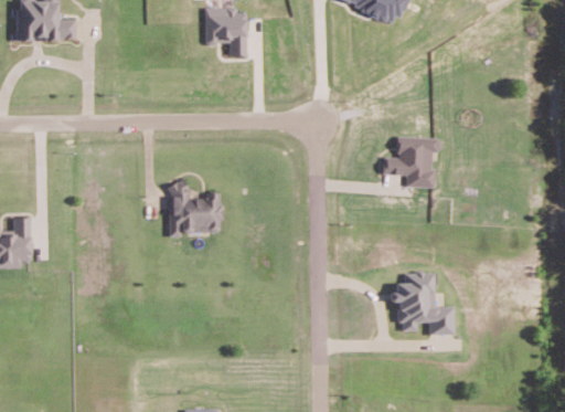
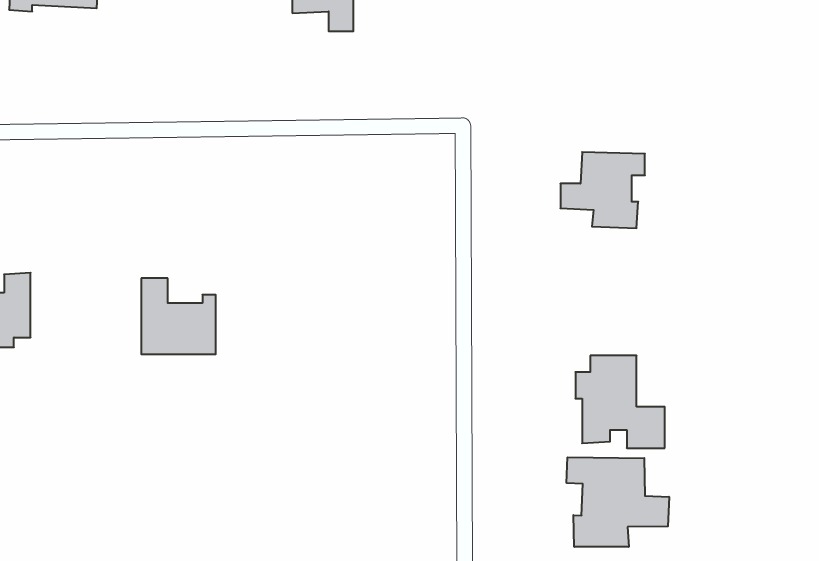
building: [170,182,220,233] -> [141,278,216,354]
building: none -> [567,457,669,547]

